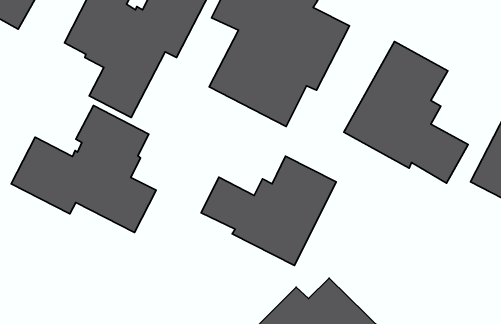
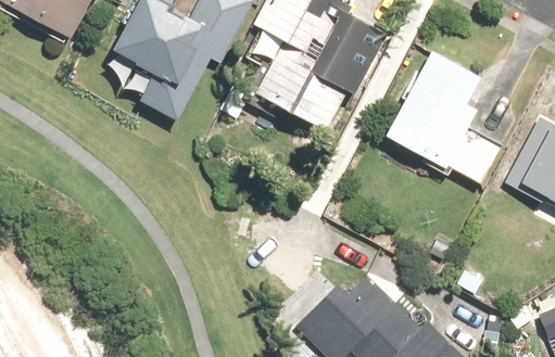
building: [11,106,156,232] -> none
building: [201,156,336,266] -> none

